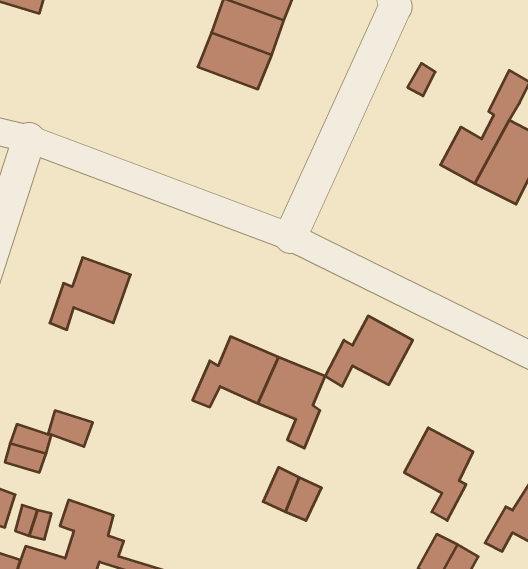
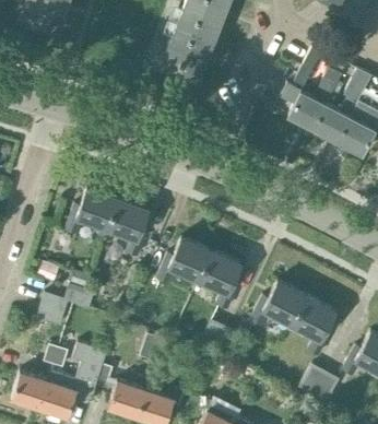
building: none -> [287,76,339,130]
building: none -> [106,200,147,257]
building: [325,316,413,386] -> [250,282,306,327]

